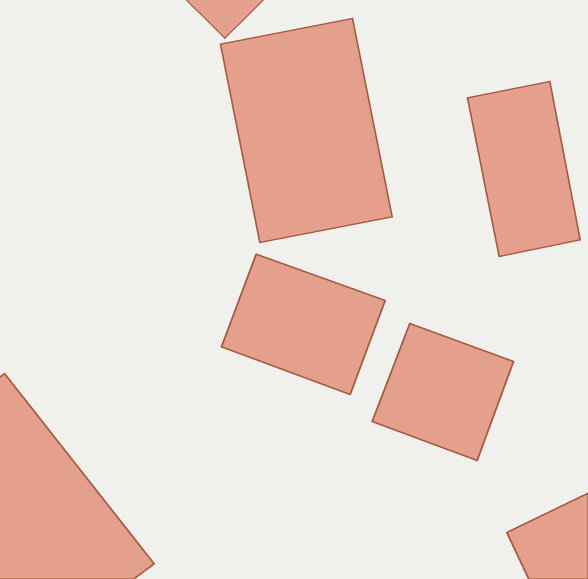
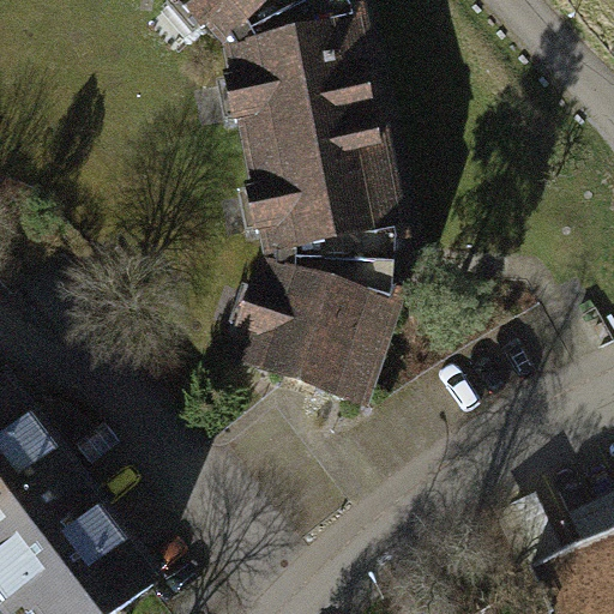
building: [468,81,580,256] -> none
building: [372,324,514,460] -> none

